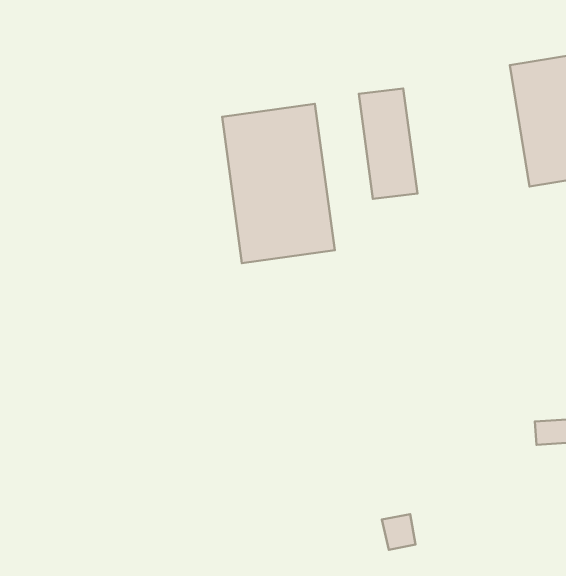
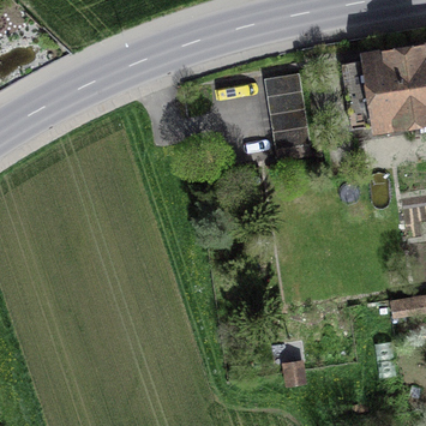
building: [222,104,335,263] -> none

